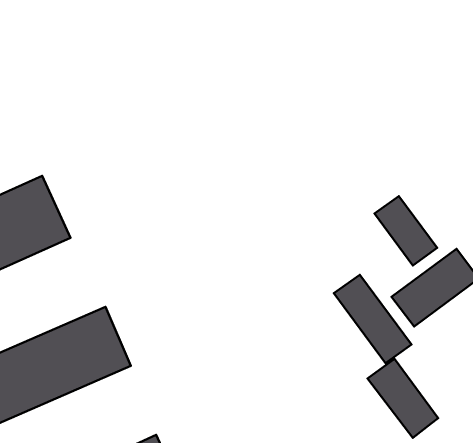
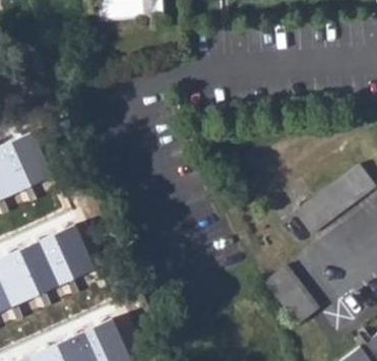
building: [374,196,437,265] -> none
building: [334,275,411,363] -> none

